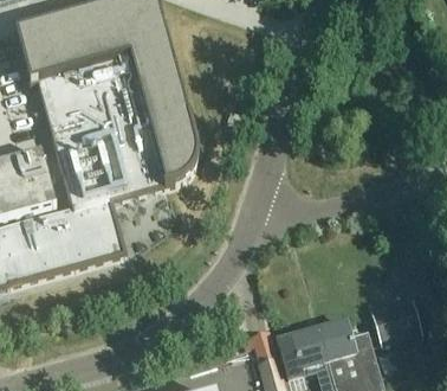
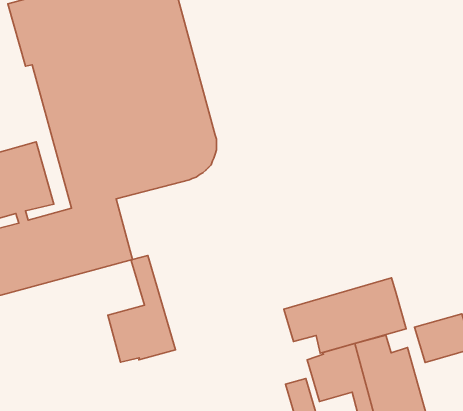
building: none -> [108,256,176,362]
building: none -> [284,278,406,353]

